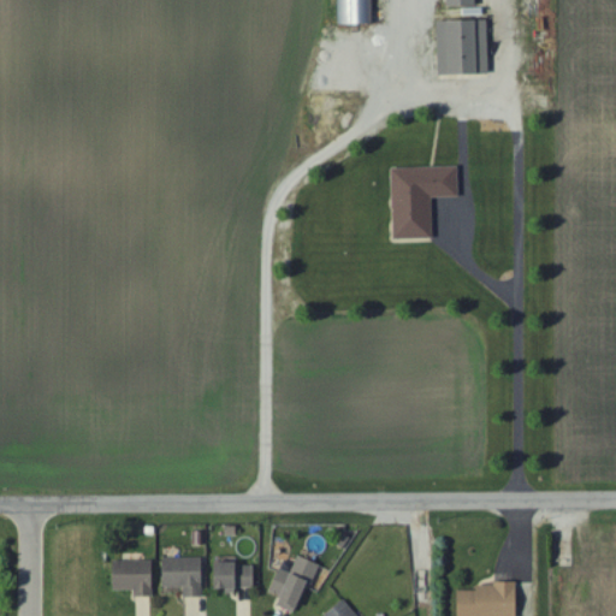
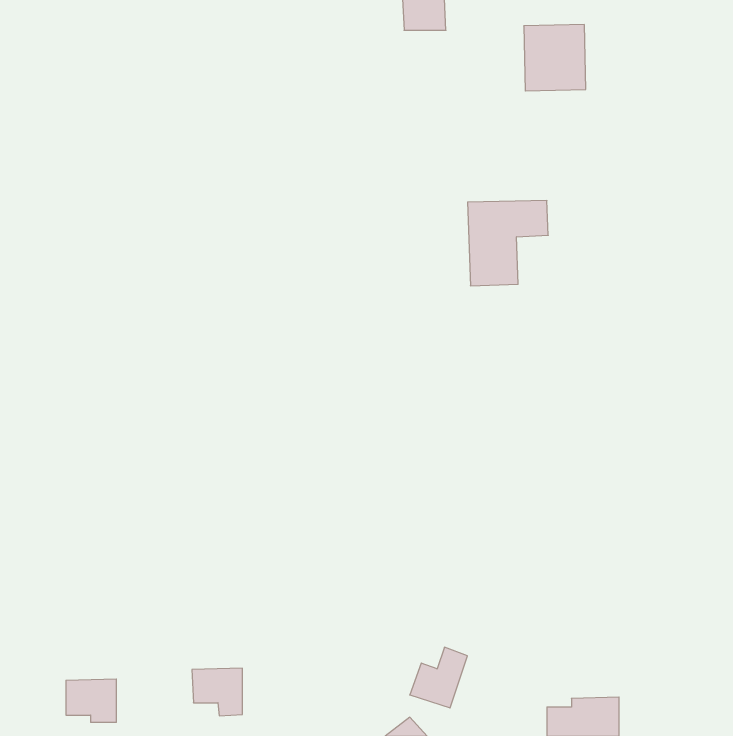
building: [267,555,315,605] -> [410,647,467,708]
building: [111,559,153,596] -> [66,679,116,722]
building: [213,562,253,588] -> none

